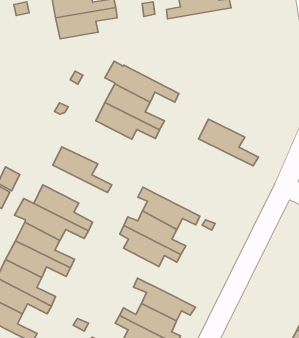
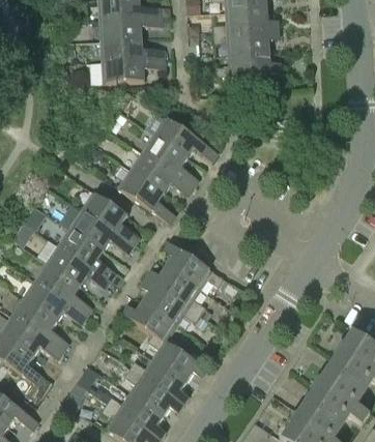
building: [199,119,258,166] -> [118,170,176,223]
building: none -> [69,209,134,253]
building: none -> [122,301,182,349]

